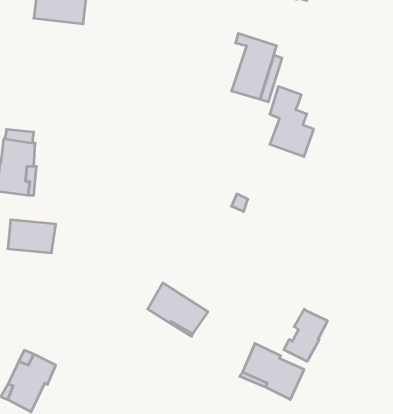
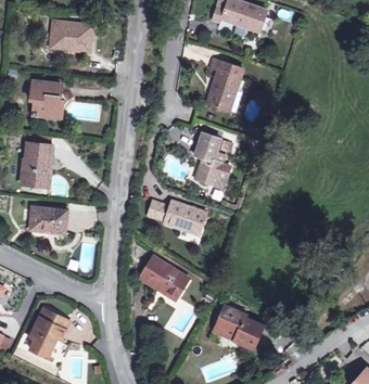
building: none -> [29,80,63,118]
building: [270,87,314,157] -> [194,132,229,188]
building: none -> [148,200,206,234]
building: [284,309,327,361] -> none

